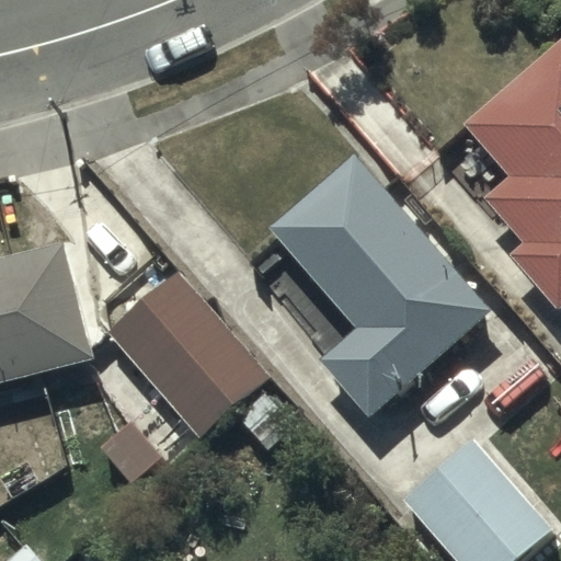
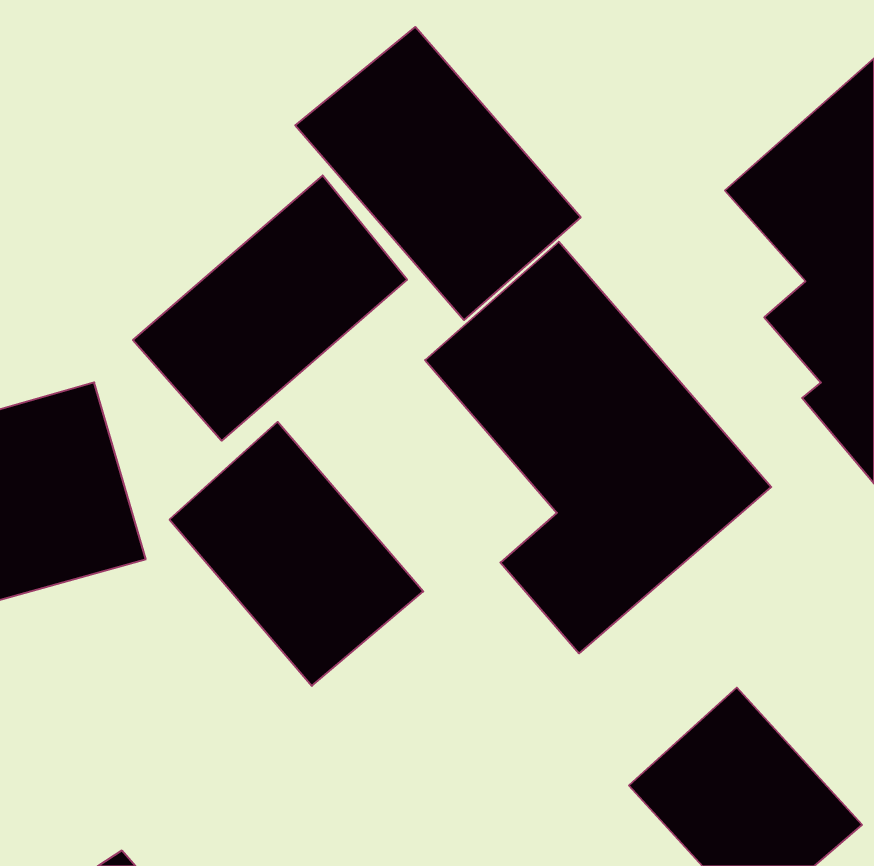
building: none -> [295,27,581,320]
building: none -> [133,175,407,441]

